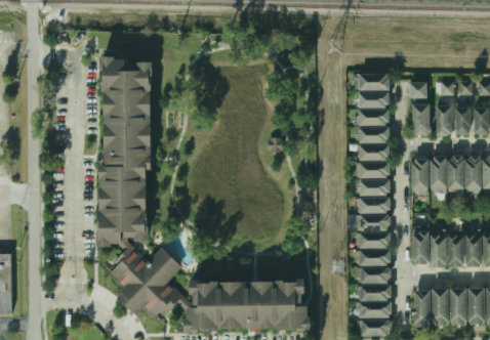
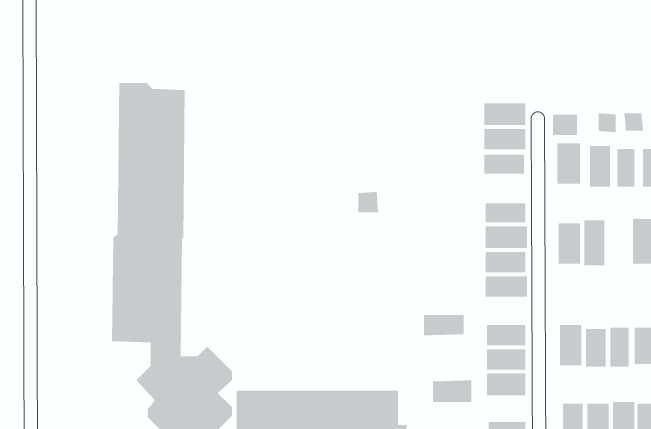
building: [359,128,390,143] -> none
building: [448,158,463,190] -> none
building: [360,216,390,231] -> [423,315,465,336]
building: [361,286,390,302] -> [432,380,472,403]

